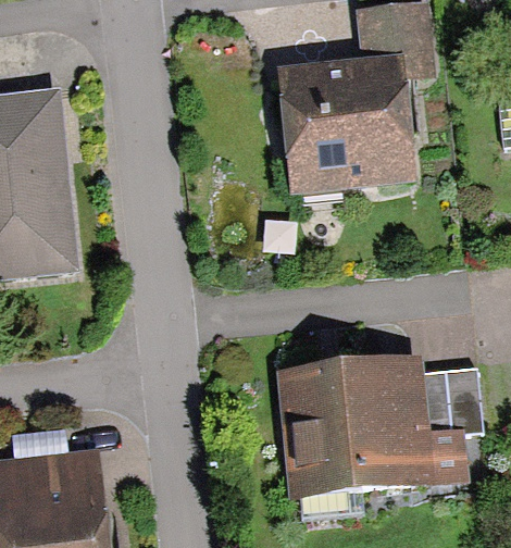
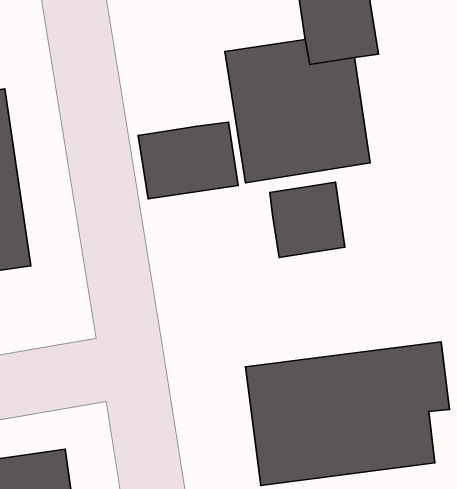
building: none -> [138,122,238,199]
building: none -> [270,182,345,257]

